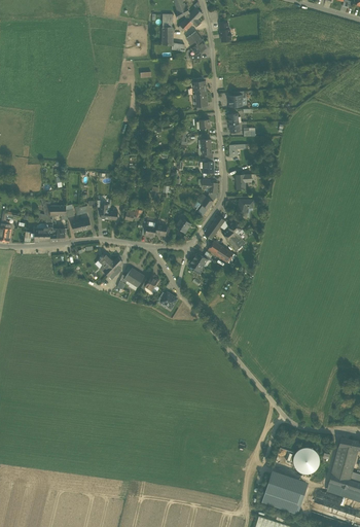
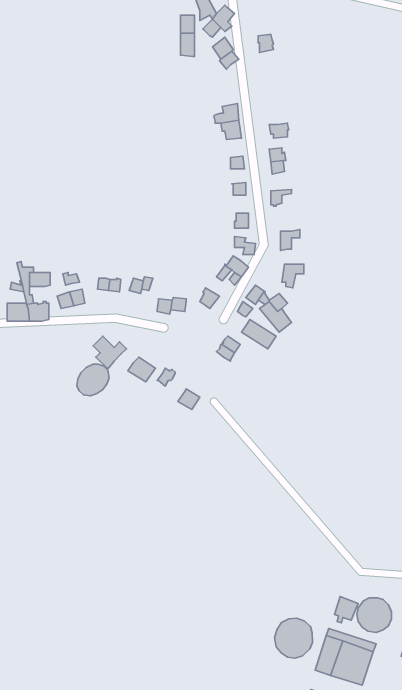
building: none -> [77,364,109,396]
building: none -> [274,618,313,658]

